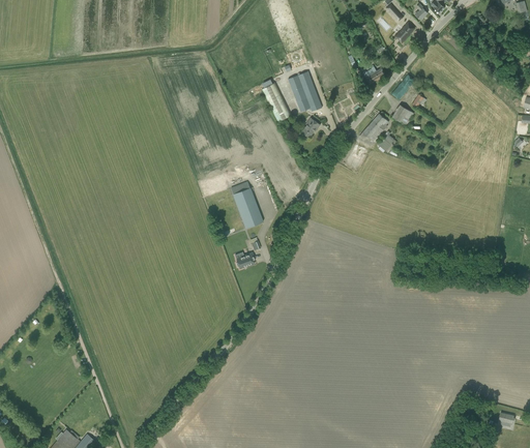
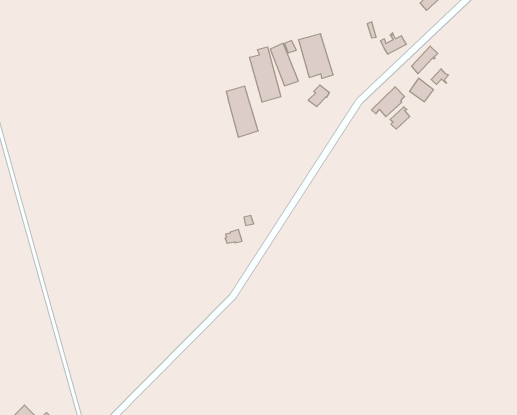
building: none -> [249,47,281,102]
building: [231,182,263,229] -> [226,86,258,137]

